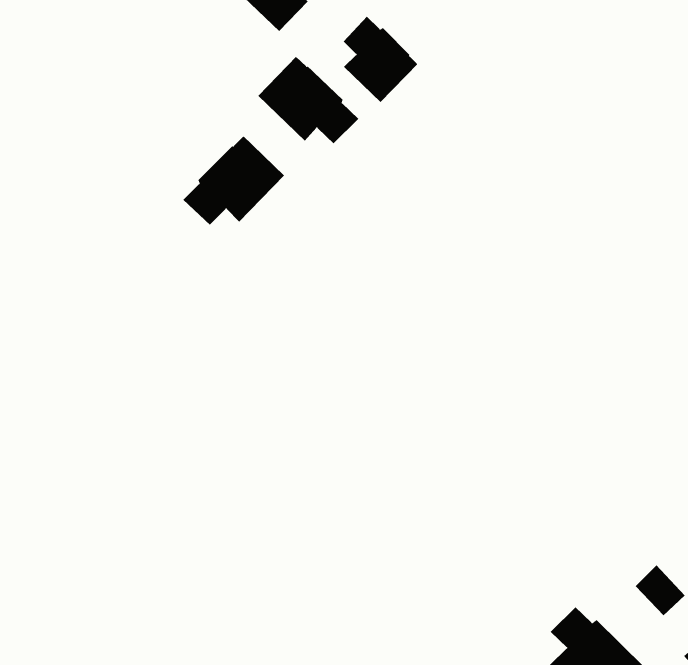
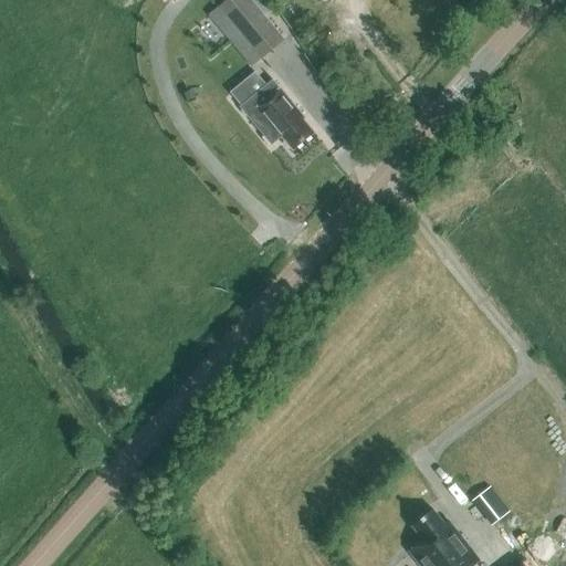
building: [343,16,419,103] -> none
building: [182,135,285,226] -> none

